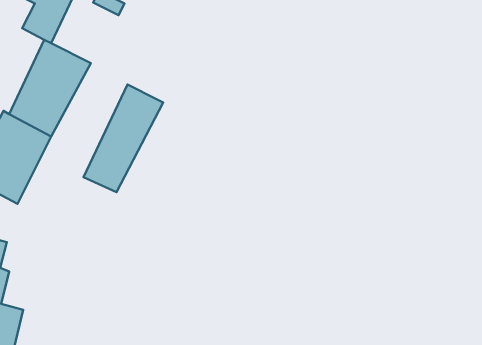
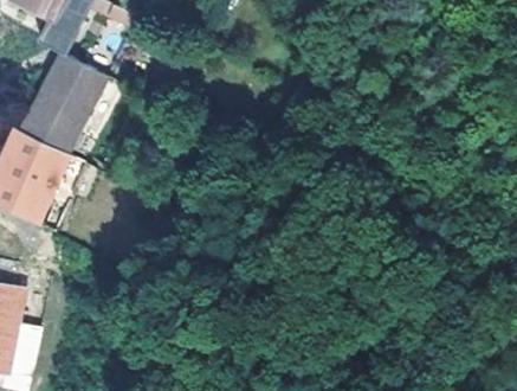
building: [83,84,163,192] -> none

